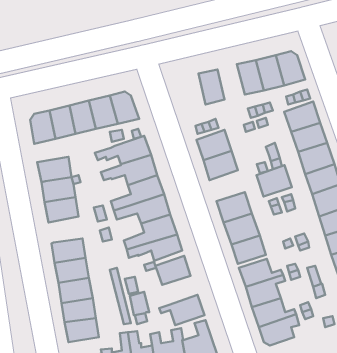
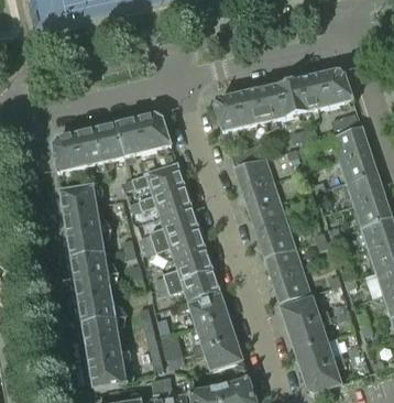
building: none -> [256,84,286,122]
building: none -> [214,94,243,132]
building: [256,165,292,196] -> [248,199,286,233]
building: none -> [72,250,109,280]
building: none -> [189,315,234,350]

